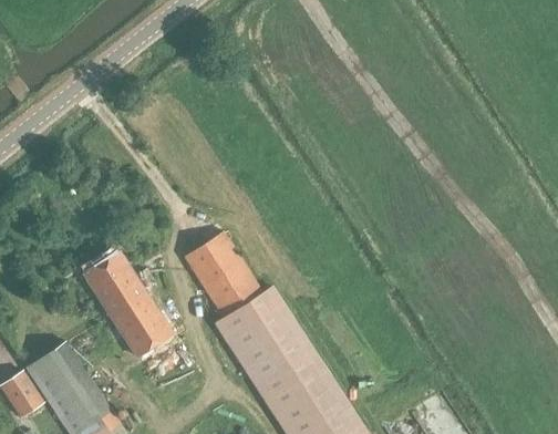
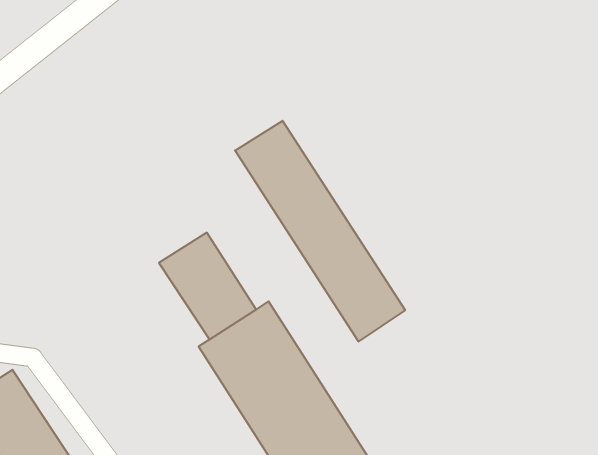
building: none -> [235,121,405,342]
building: [84,252,172,355] -> none

